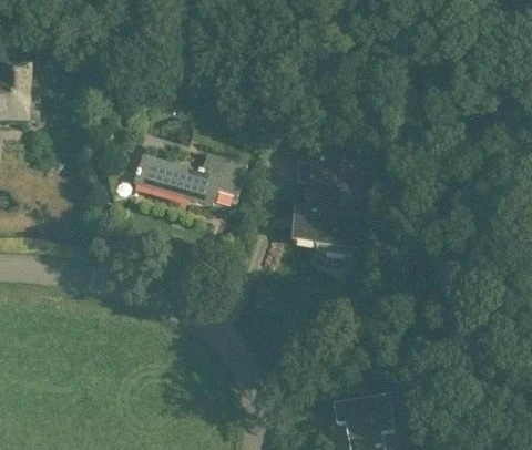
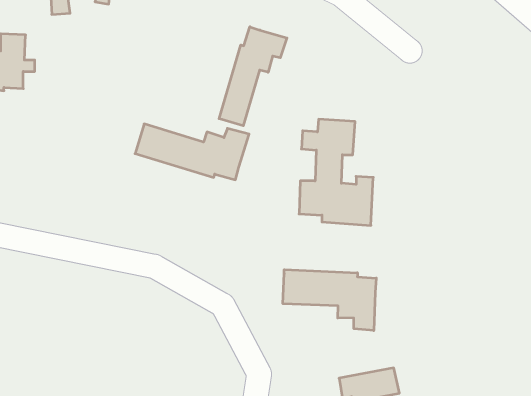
building: none -> [219,27,287,126]
building: none -> [283,270,376,331]

